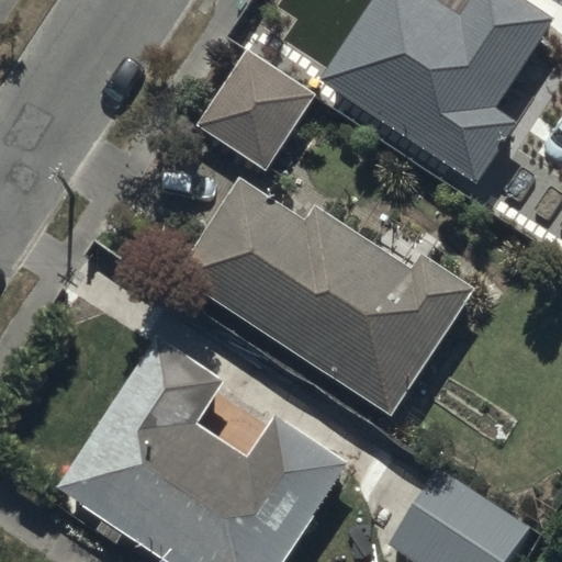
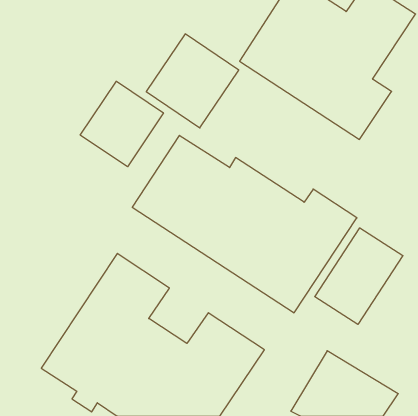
building: none -> [80,81,163,167]
building: none -> [315,228,403,324]

